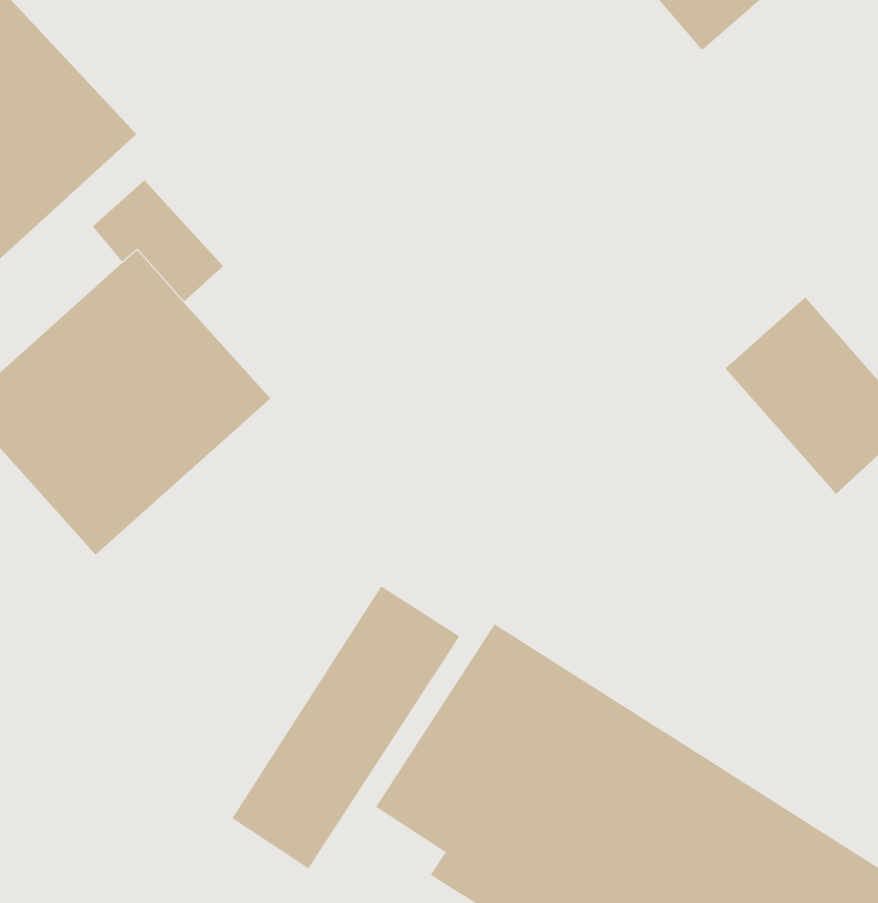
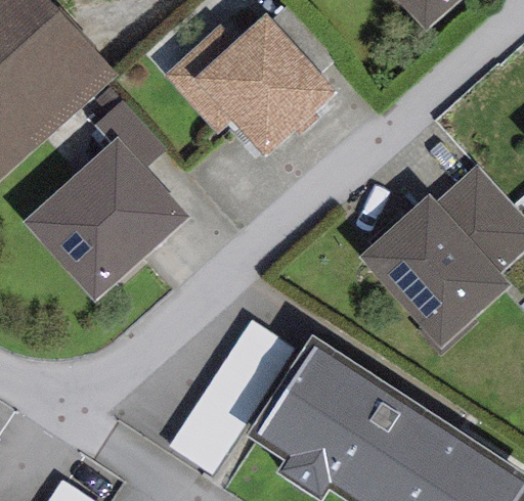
building: none -> [166,15,336,156]
building: none -> [358,194,511,348]

